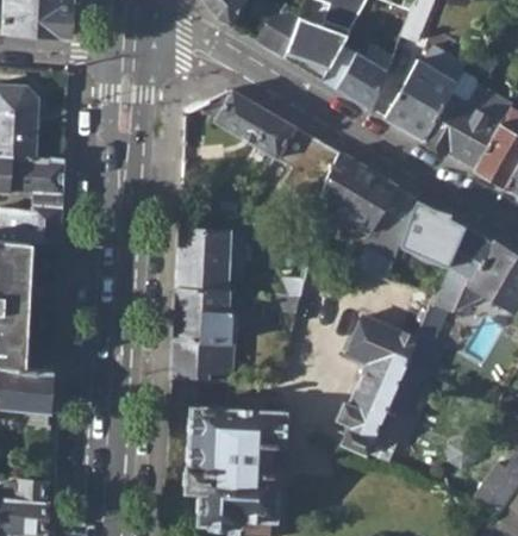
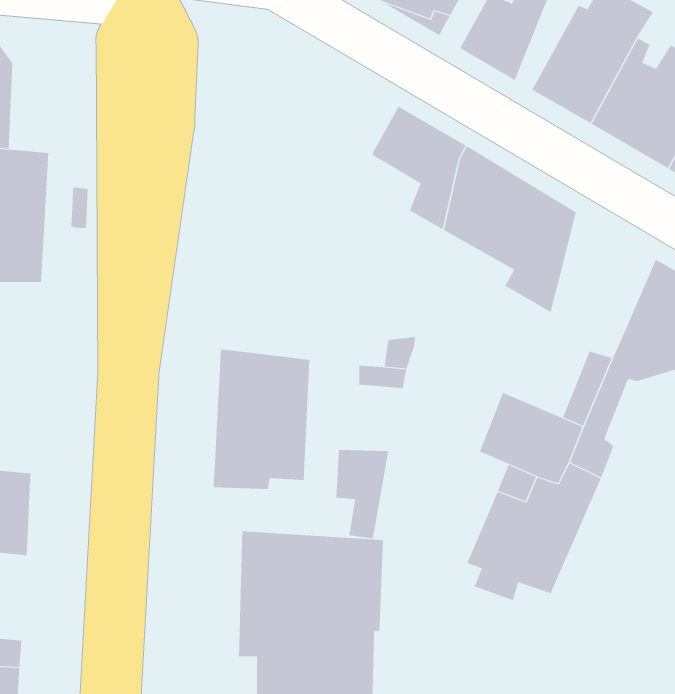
building: [216,89,294,157] -> none
building: [400,195,464,264] -> none
building: [176,228,229,292] -> none
building: none -> [336,449,389,539]

